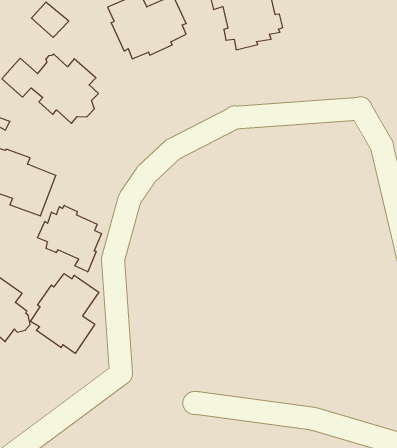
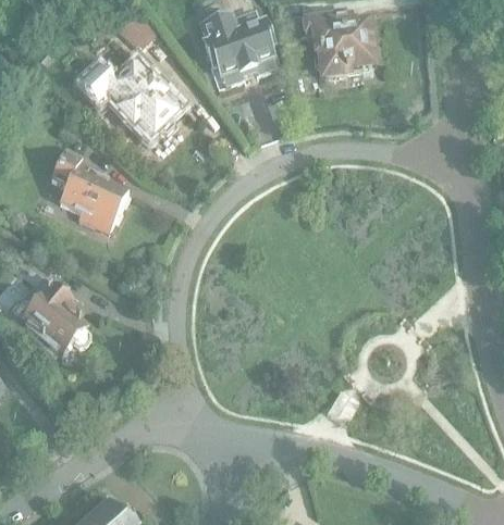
building: [38,205,102,272] -> none
building: [31,274,99,353] -> none

